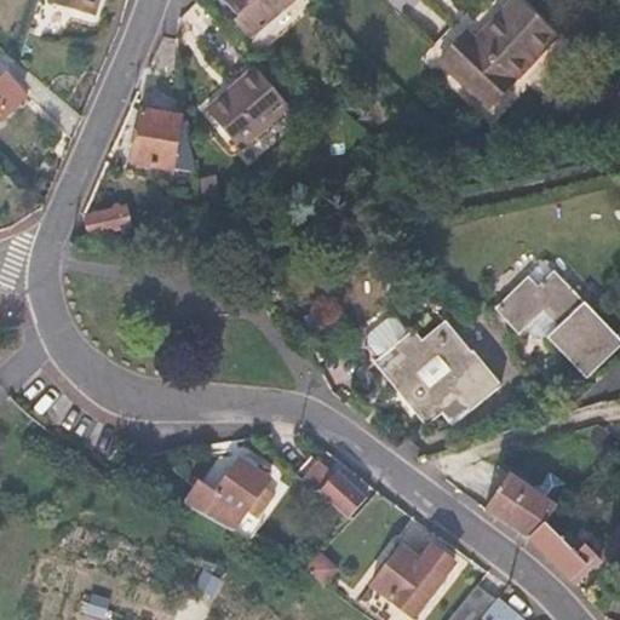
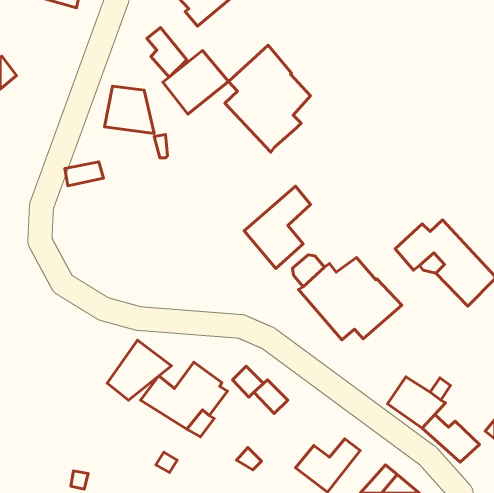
building: [435,10,551,115] -> none
building: none -> [147,27,187,77]
building: none -> [225,45,311,152]
building: none -> [244,186,311,269]
building: none -> [107,340,171,400]

